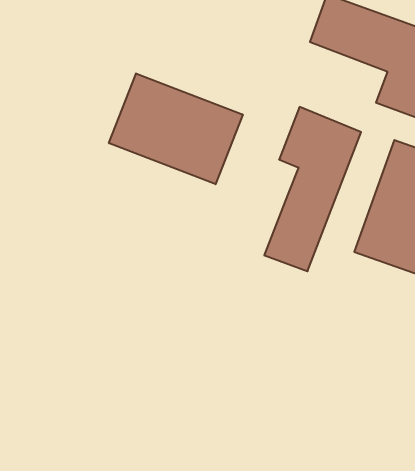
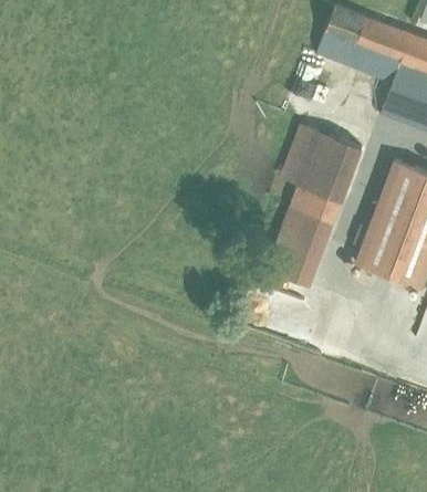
building: [109,73,243,184] -> none

